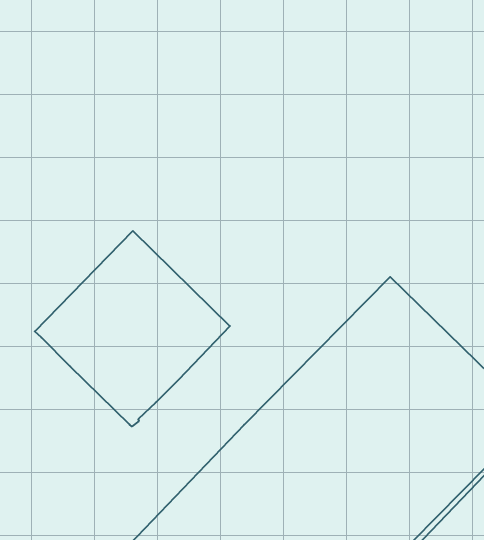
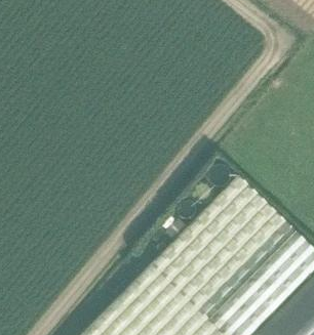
building: [35,231,230,426] -> none

